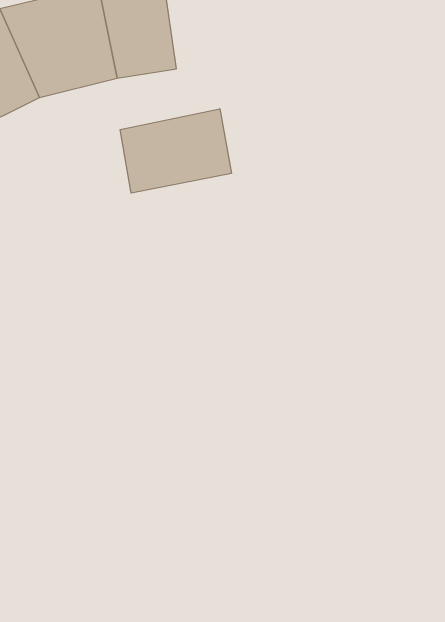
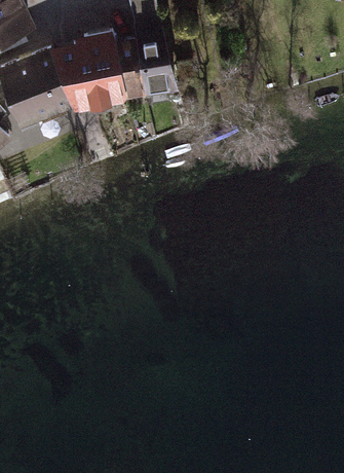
building: [120,109,231,193] -> none

